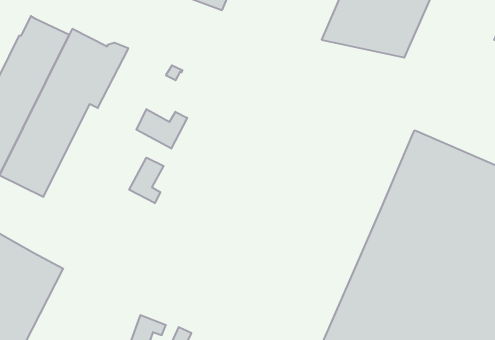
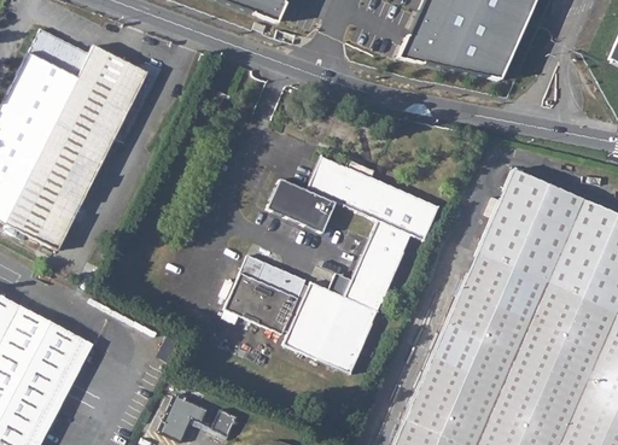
building: [136,109,187,149] -> none
building: none -> [225,157,438,374]
building: [129,158,164,203] -> none

